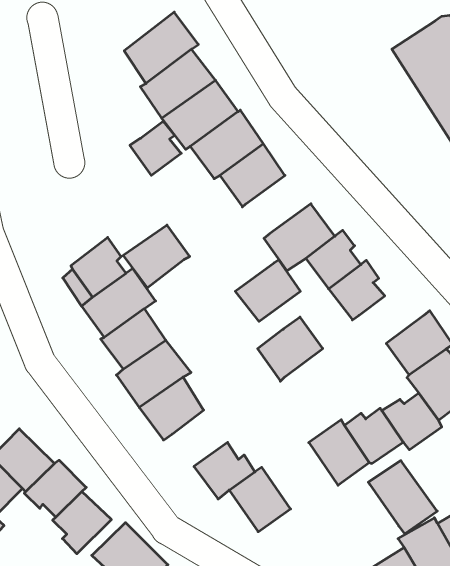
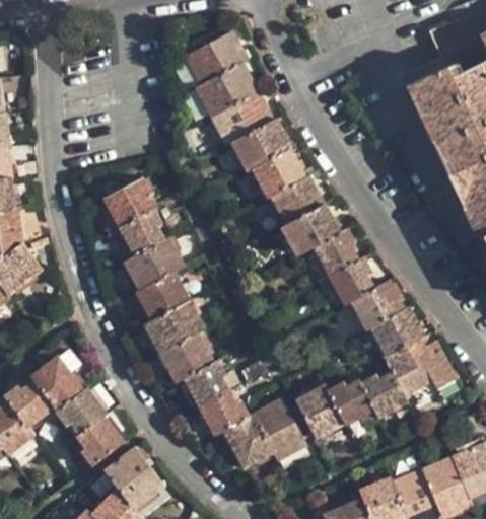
building: [130,121,181,175] -> none
building: [123,225,190,288] -> [102,178,157,228]
building: [235,260,300,321] -> [270,175,324,224]
building: [258,317,323,381] -> [351,280,405,330]
building: none -> [184,359,228,407]
building: [368,461,437,534] -> [253,399,306,460]

